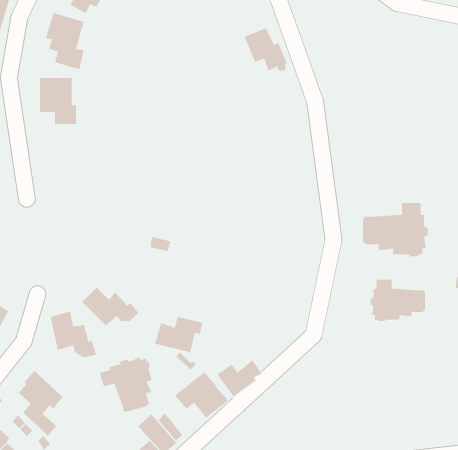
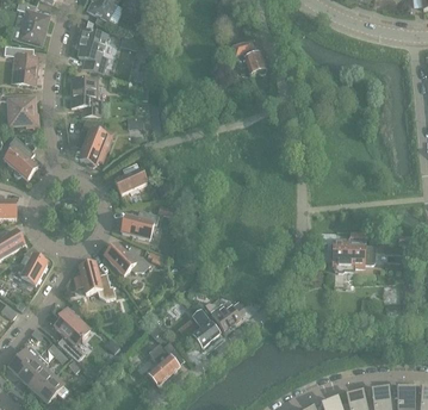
building: none -> [75,118,114,166]
building: none -> [114,161,147,193]
building: [363,202,428,257] -> none
building: [154,317,203,353] -> [120,209,159,237]
building: [99,357,152,412] -> none

